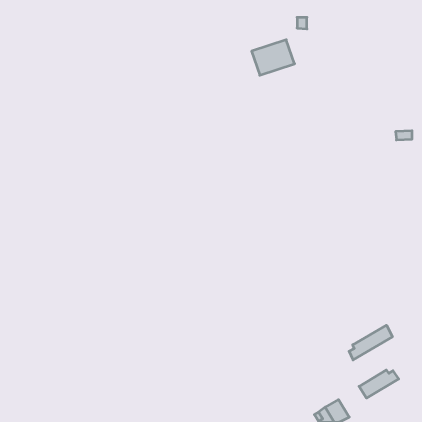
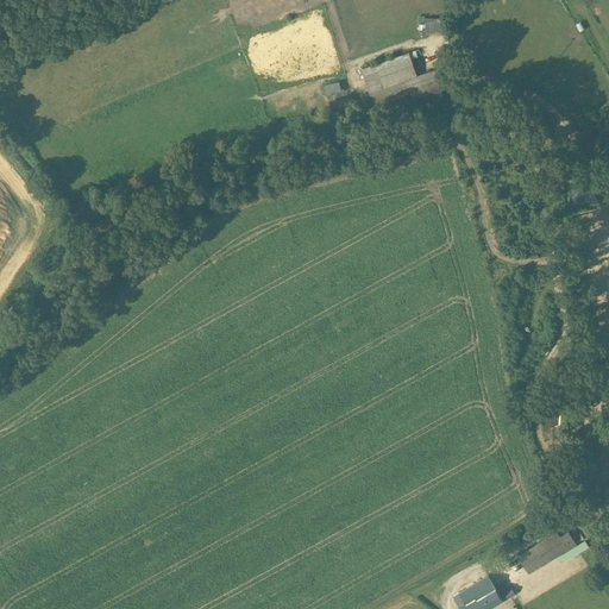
building: [349,325,392,360] -> none

